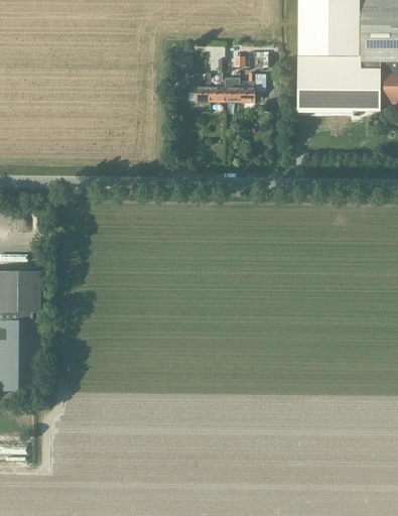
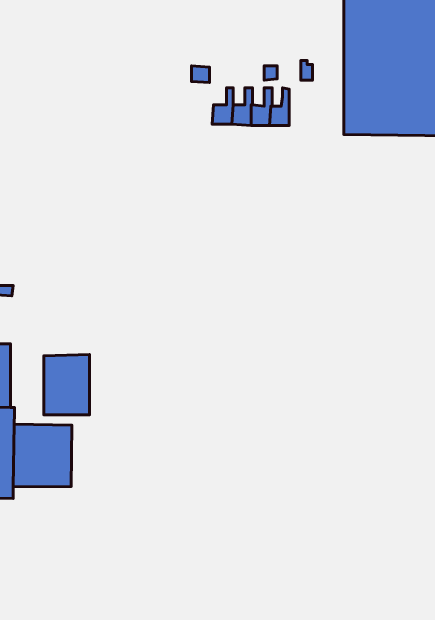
building: none -> [44,354,90,415]
building: none -> [13,424,72,487]

